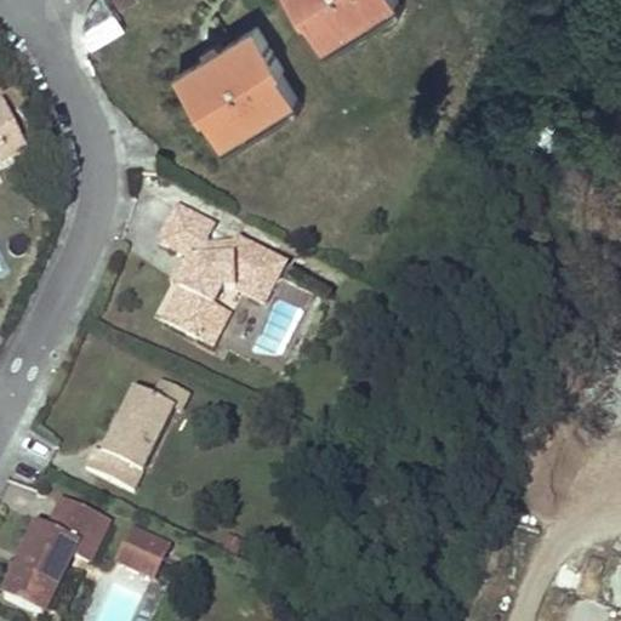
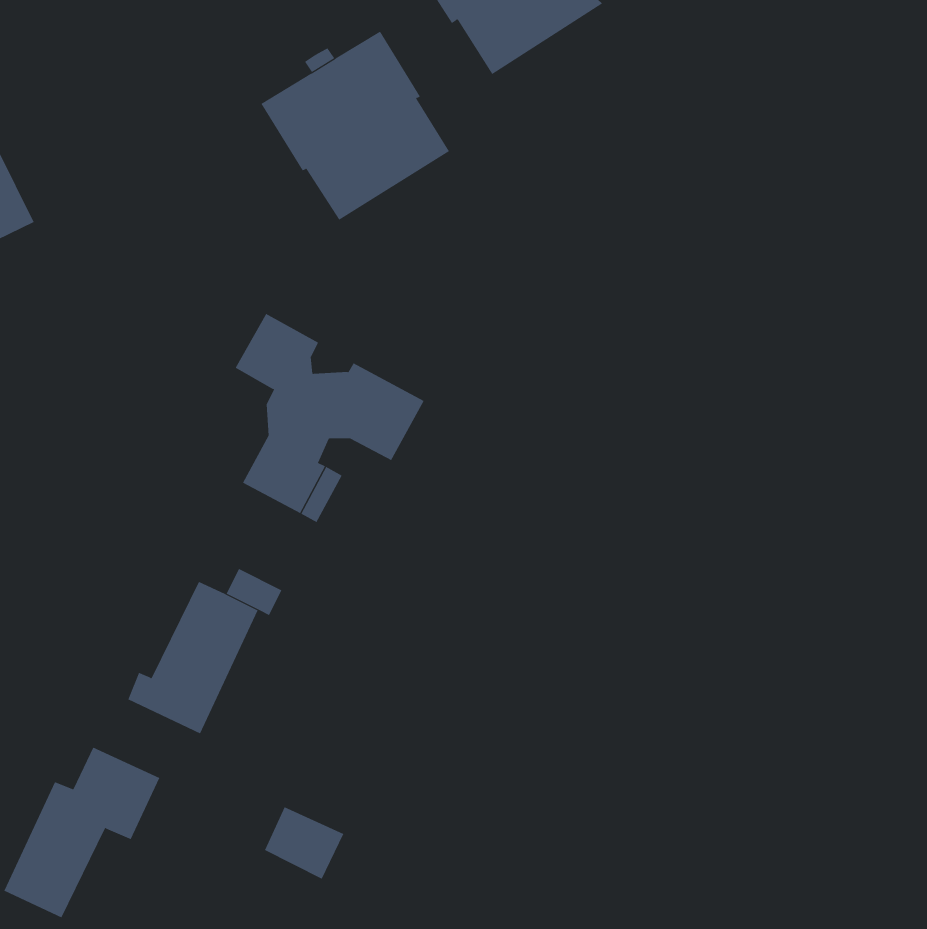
building: [115,529,169,577] -> [264,807,344,879]

